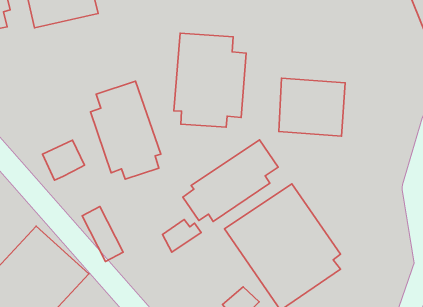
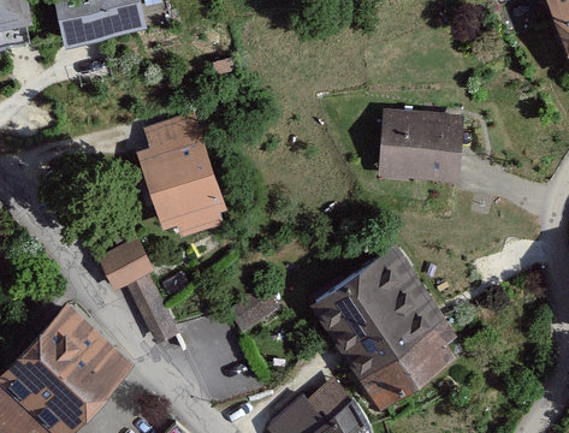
building: [174,33,246,127] -> none
building: [183,140,278,222] -> none
building: [42,140,85,180] -> [99,241,153,292]

